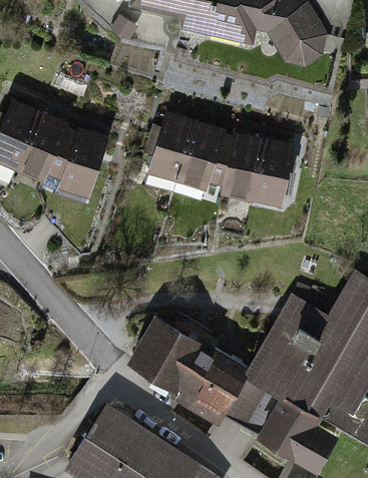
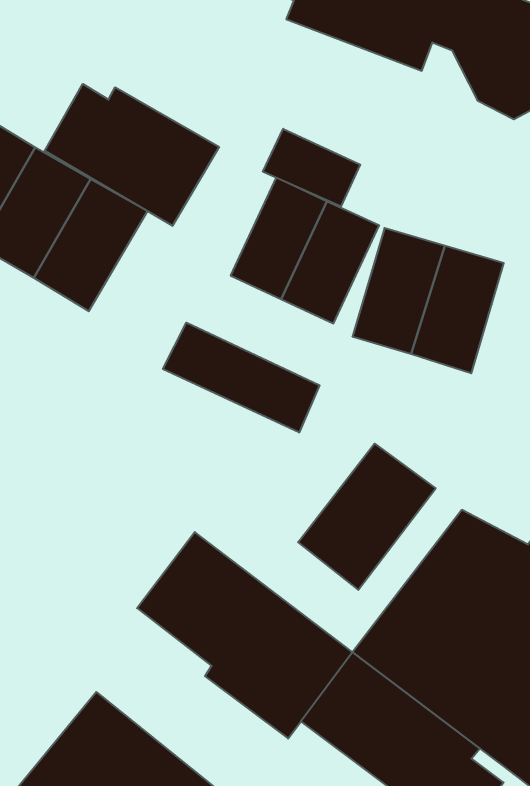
building: none -> [45,84,219,226]
building: none -> [263,129,360,207]
building: none -> [163,323,320,433]
building: none -> [298,444,436,590]

